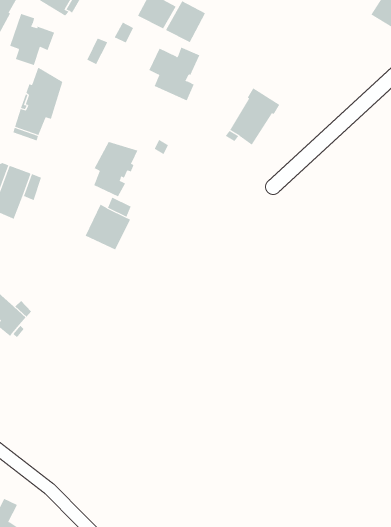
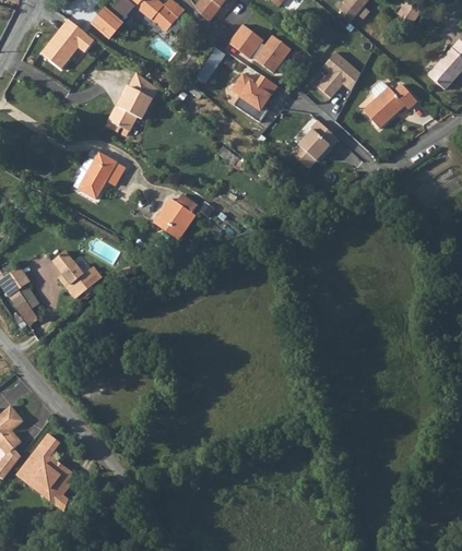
building: none -> [313,52,356,99]
building: [9,13,55,66] -> none
building: none -> [364,82,417,128]
building: [93,141,138,197] -> none

